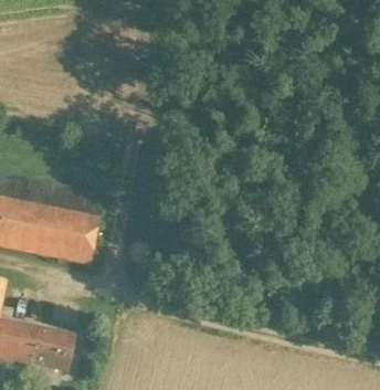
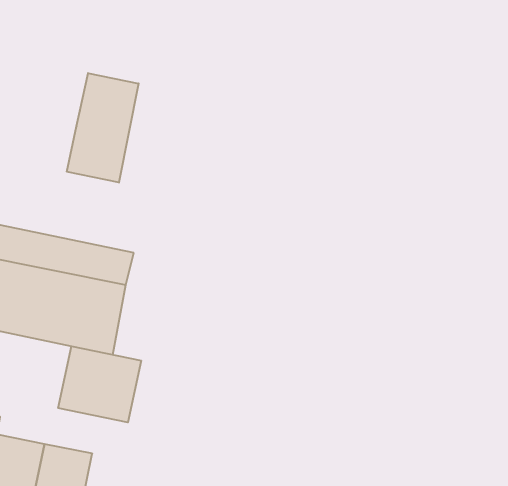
building: none -> [67,73,139,183]
building: none -> [58,346,141,422]

